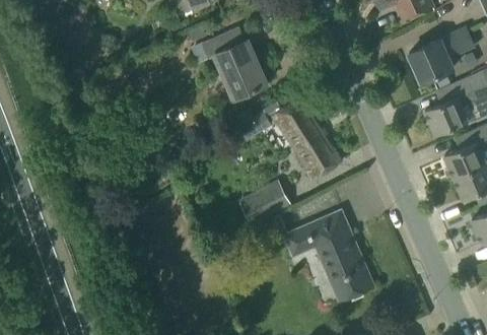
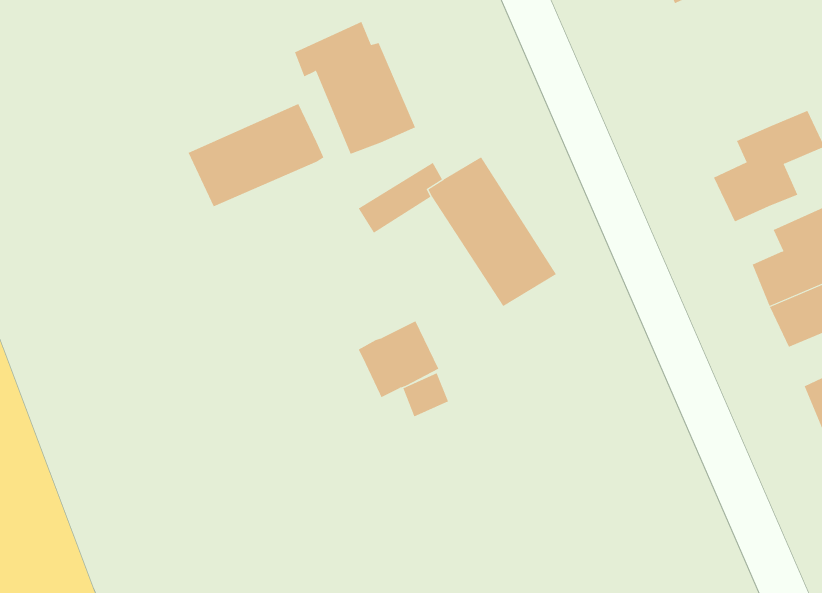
building: [408,28,474,83] -> none
building: none -> [188,103,324,207]
building: [285,212,372,300] -> none

